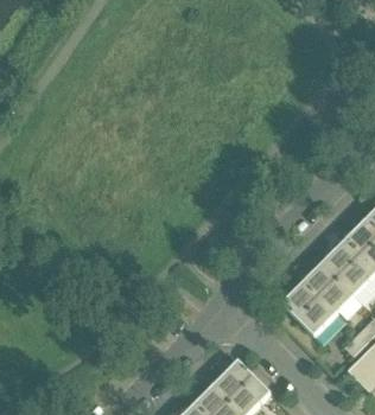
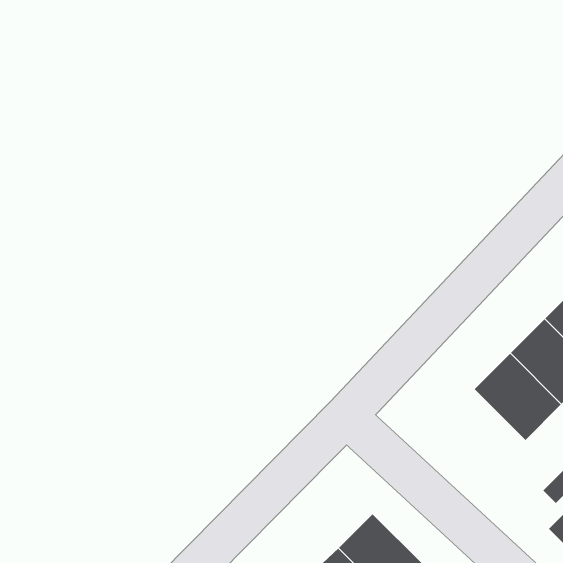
building: [280,283,332,336] -> none

